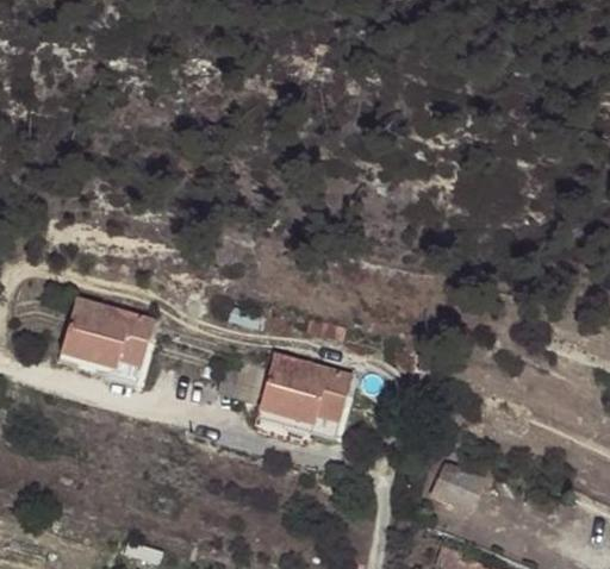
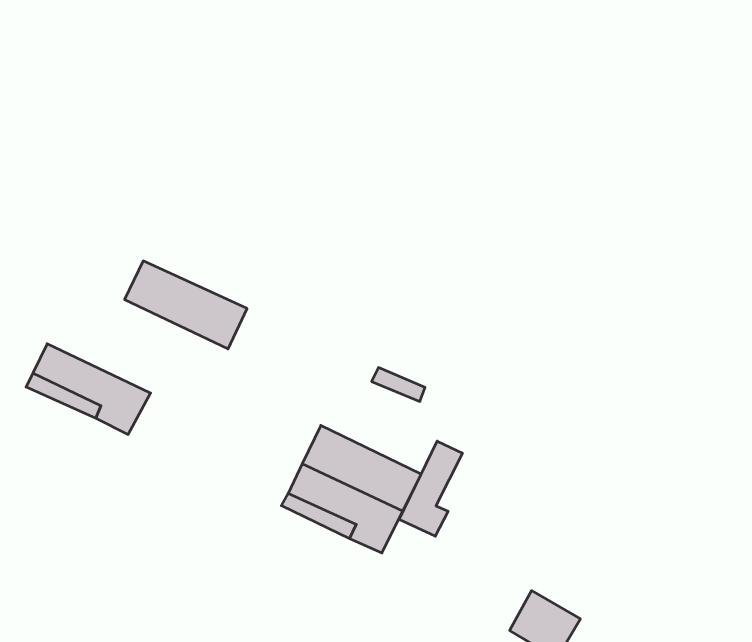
building: [69,293,158,348] -> [125,261,247,349]
building: none -> [399,441,462,536]

